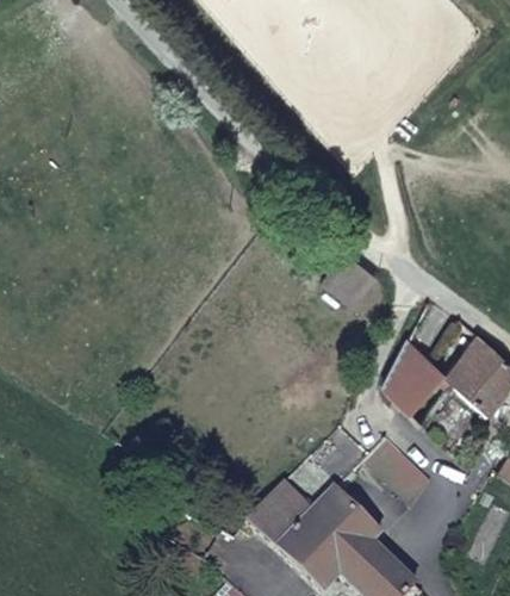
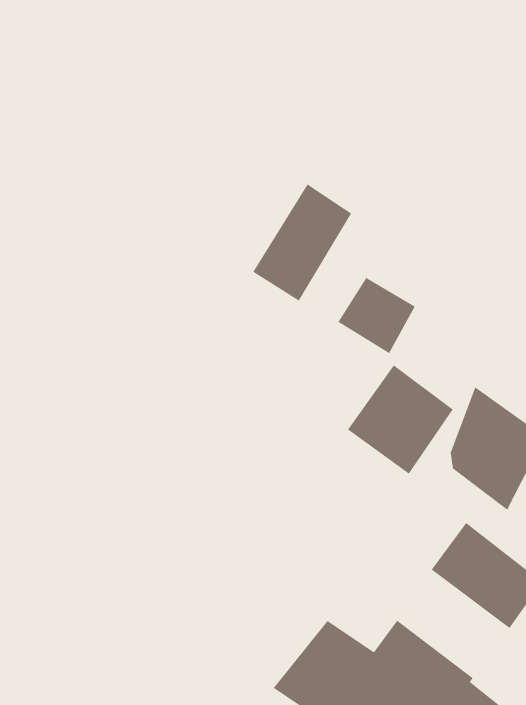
building: none -> [253,183,352,302]
building: none -> [347,365,453,475]

